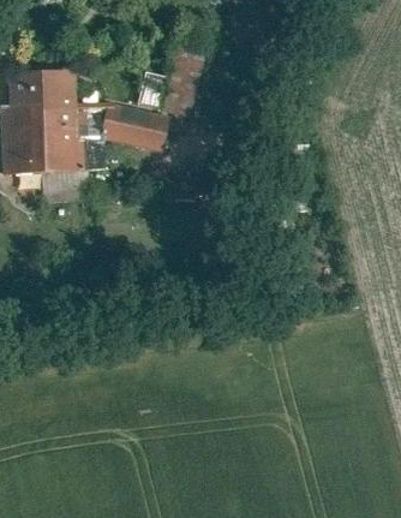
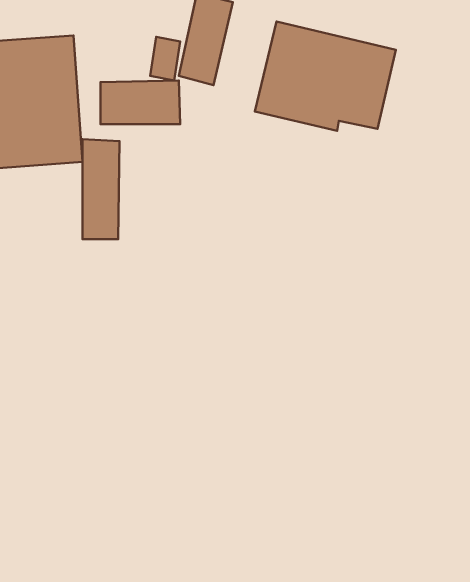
building: none -> [255,22,396,131]
building: none -> [83,139,119,239]

